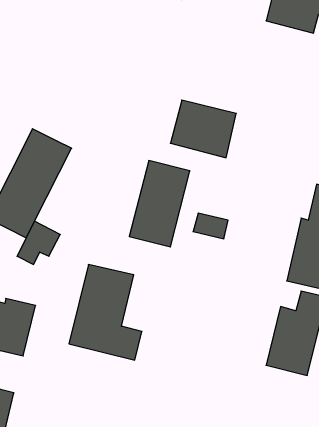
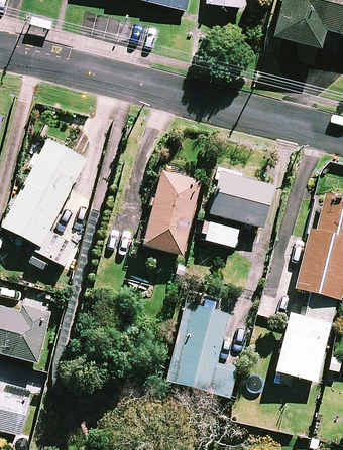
building: [170,100,236,158] -> [208,171,272,228]
building: [69,265,142,360] -> [164,303,236,397]

